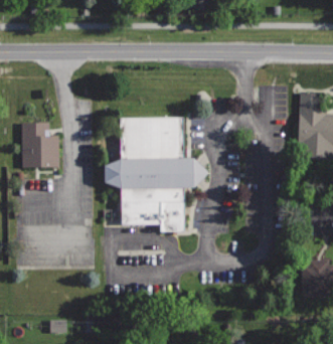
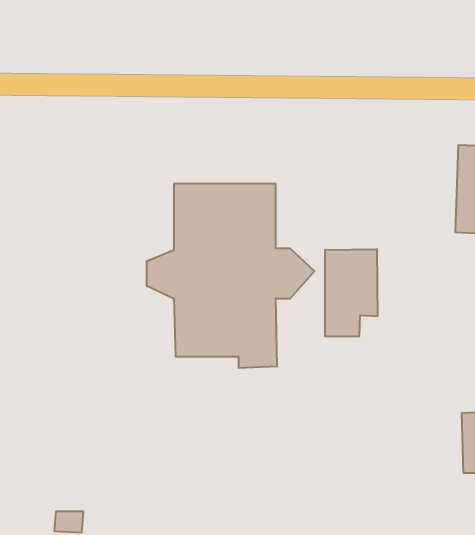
building: [21,122,58,167] -> none
building: none -> [325,249,378,336]

